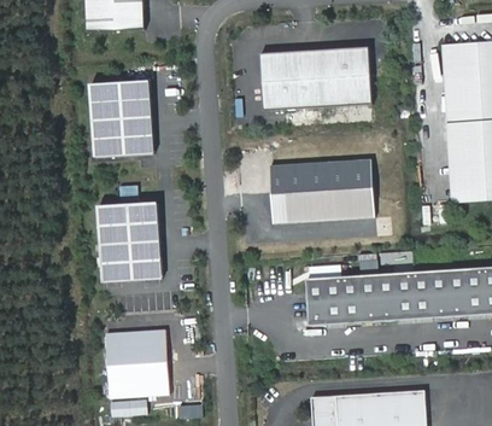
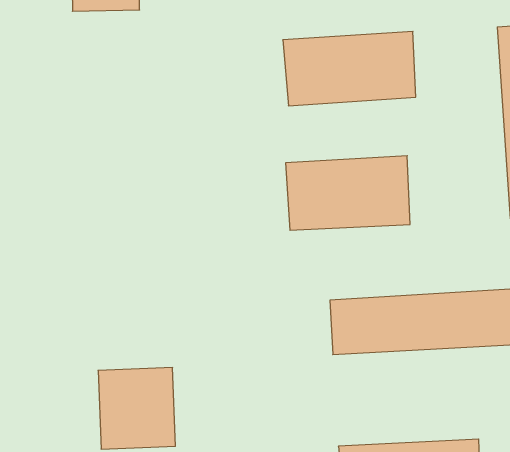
building: [94,75,154,147] -> none
building: [99,203,165,281] -> none

